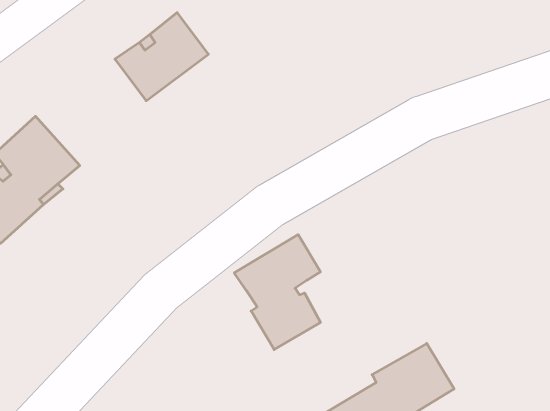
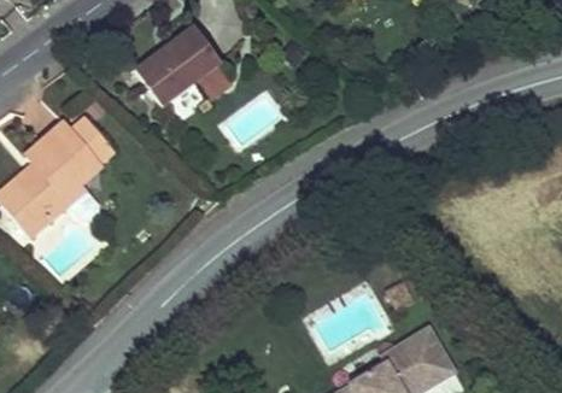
building: [234,235,320,350] -> none

